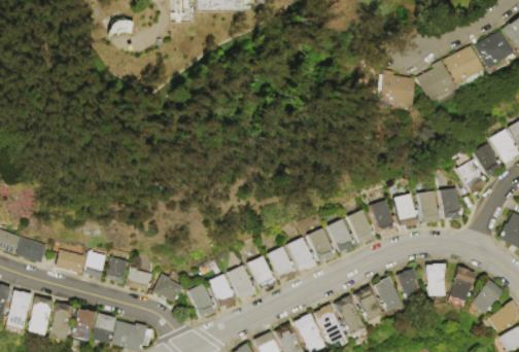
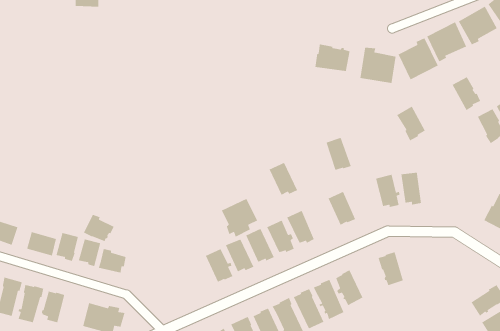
building: none -> [314,43,350,72]
building: [475,144,504,178] -> [451,76,481,111]
building: [458,160,487,195] -> [396,105,426,141]
building: [440,188,460,220] -> none
building: [370,201,395,234] -> [325,137,352,171]
building: none -> [221,198,258,238]
building: [326,219,355,252] -> [269,162,298,196]
building: [425,263,444,296] -> none
building: [448,267,475,303] -> none
building: [151,274,182,302] -> [83,214,115,242]
building: [208,274,236,308] -> none
building: [373,277,402,312] -> none
building: [469,280,503,315] -> none
building: [187,284,216,317] -> none
building: [89,311,113,342] -> none

